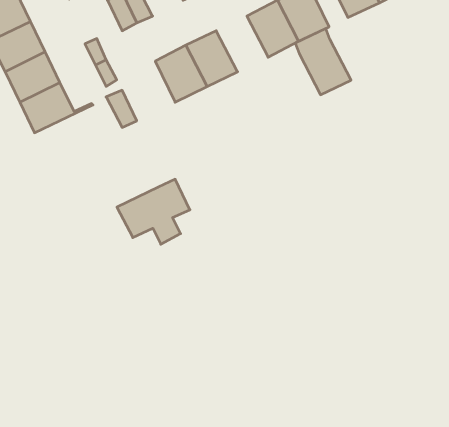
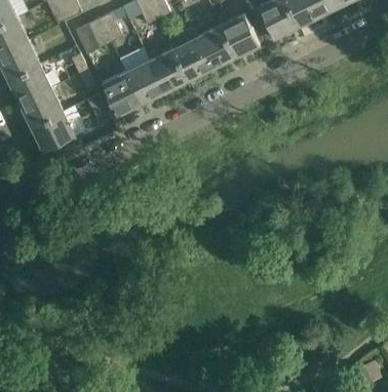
building: [295,28,351,95] -> [168,29,211,80]
building: none -> [101,72,140,115]
building: [117,179,190,244] -> [31,106,87,156]

